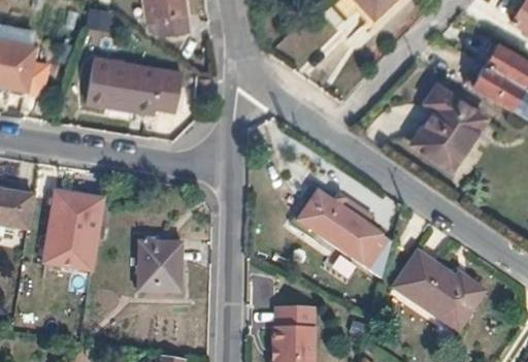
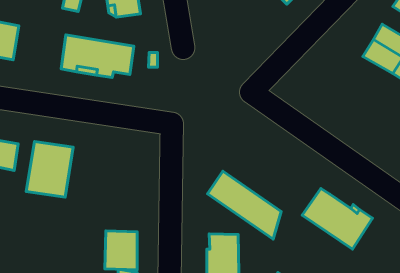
building: [412,86,485,169] -> none
building: [298,191,392,277] -> [208,171,281,239]
building: [138,242,179,292] -> [105,231,137,270]

